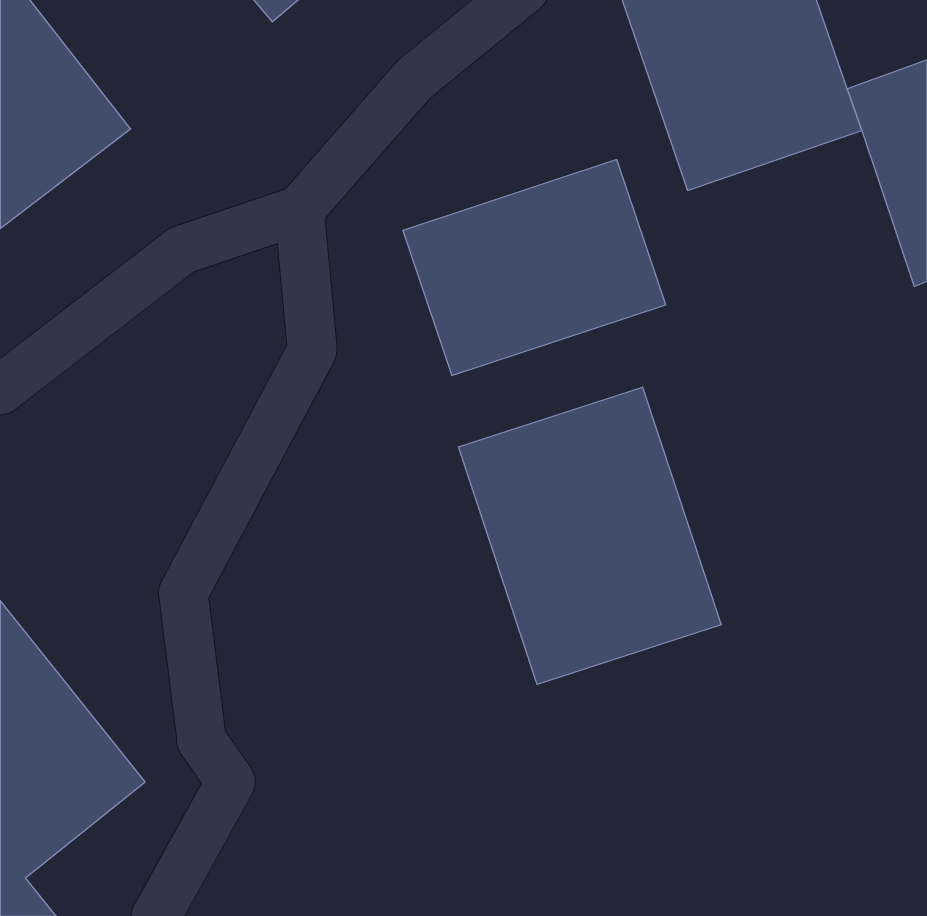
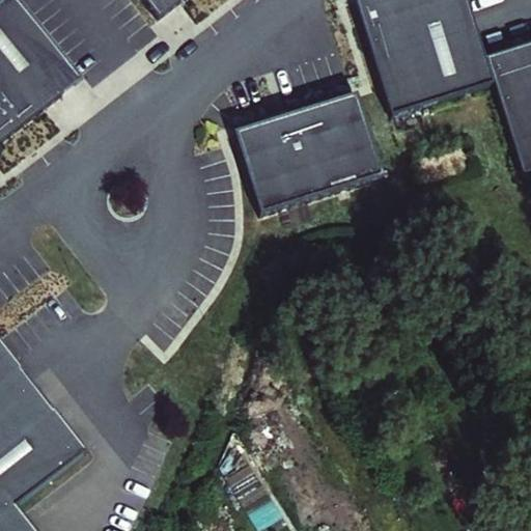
building: [459,387,721,685] -> none

